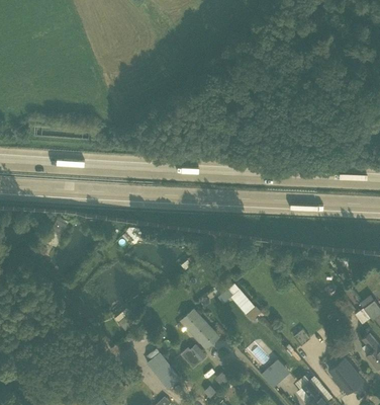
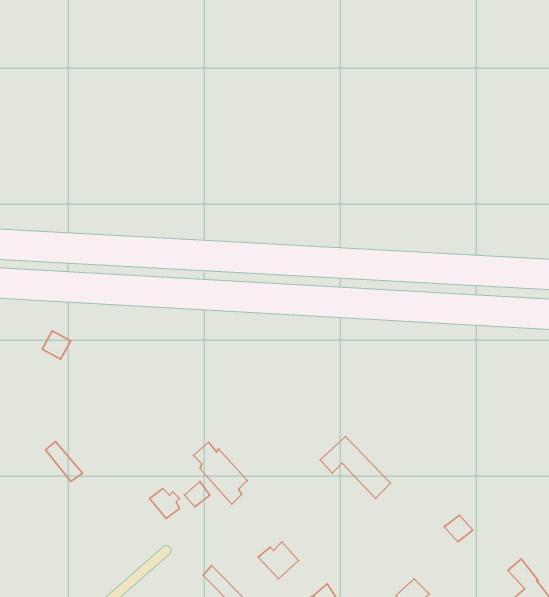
building: [183,311,215,348] -> [193,442,247,504]

